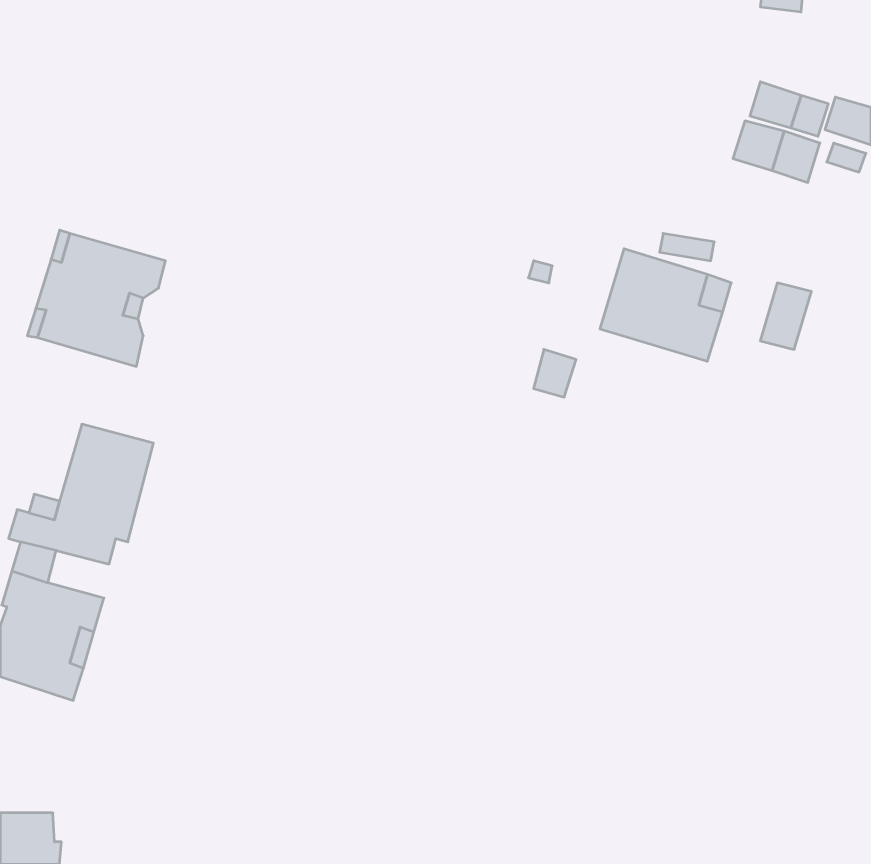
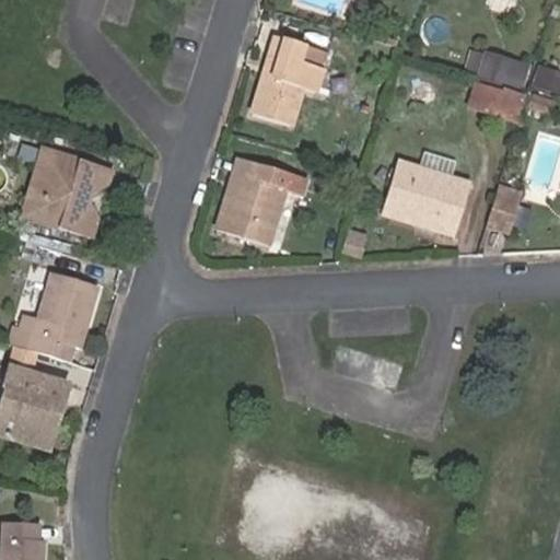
building: none -> [254,35,324,122]
building: none -> [219,158,308,243]

